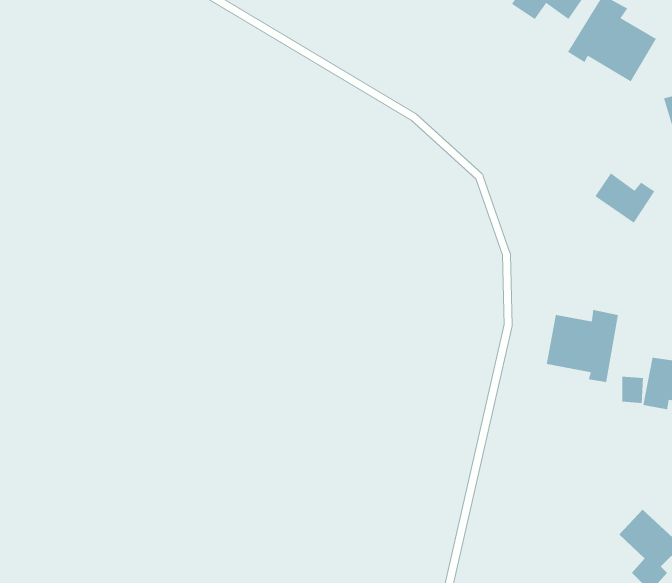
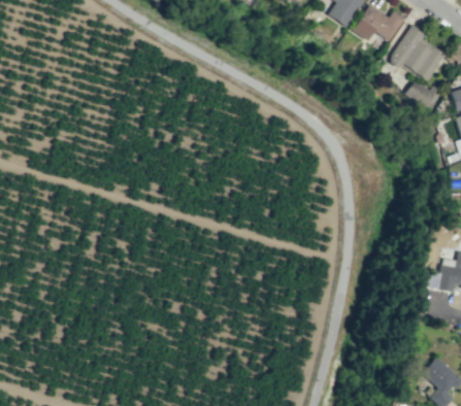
building: [594,172,655,223] -> [405,79,444,112]
building: [546,309,619,383] -> none

